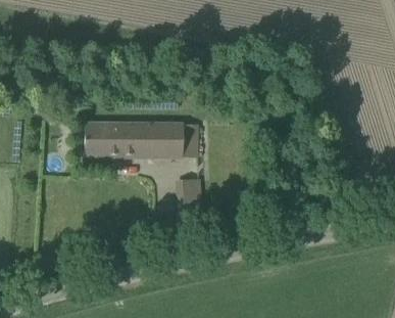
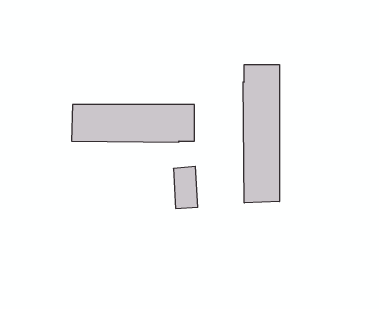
building: none -> [243,65,279,203]

